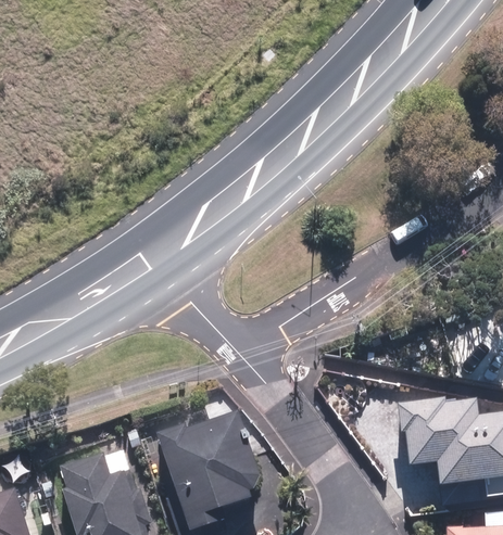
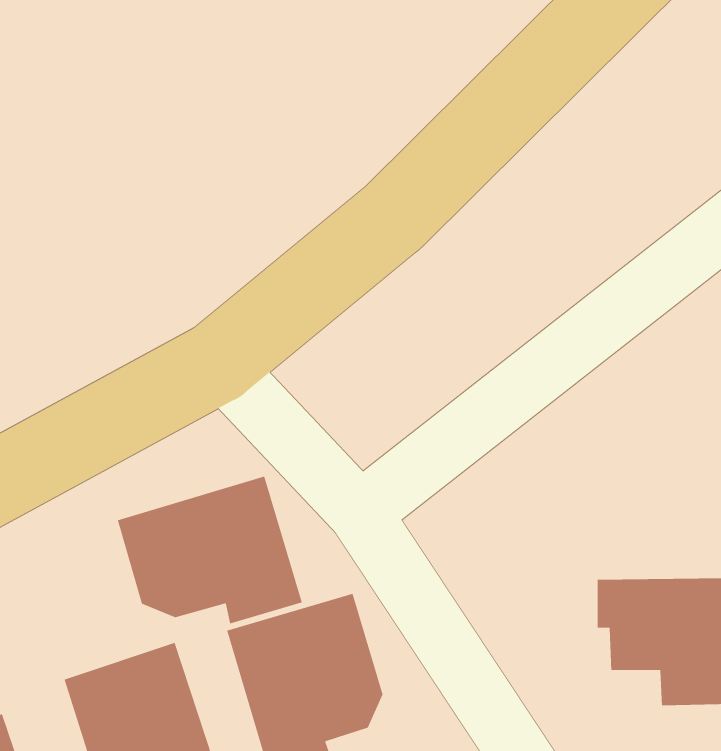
building: none -> [117,475,303,625]

